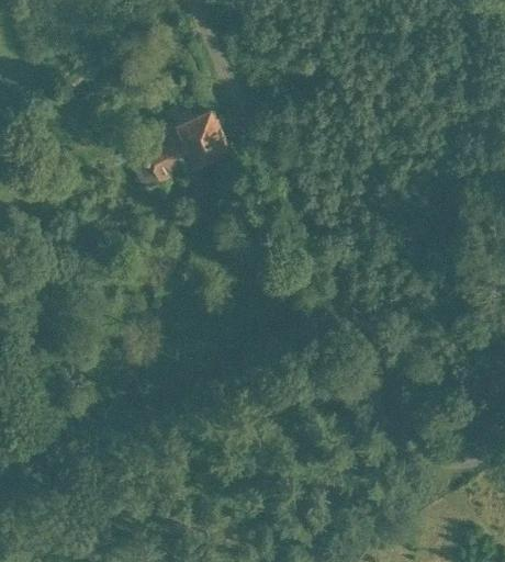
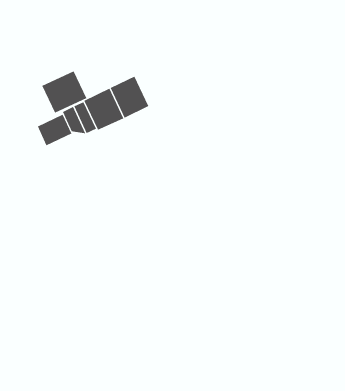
building: none -> [41,70,87,114]
building: none -> [37,114,72,146]

